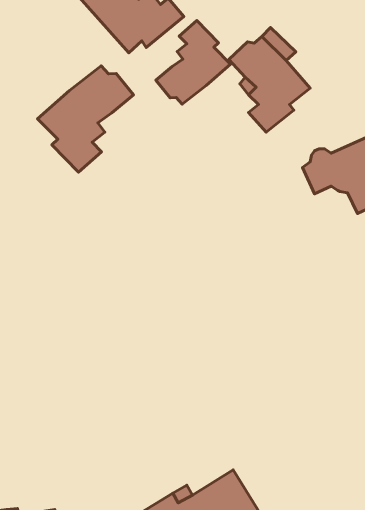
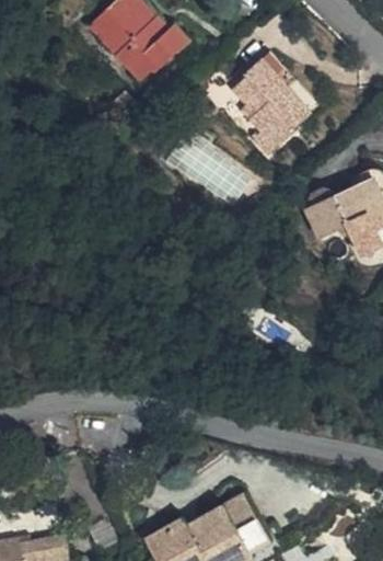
building: [156,21,231,104] -> none
building: [38,66,134,172] -> none

